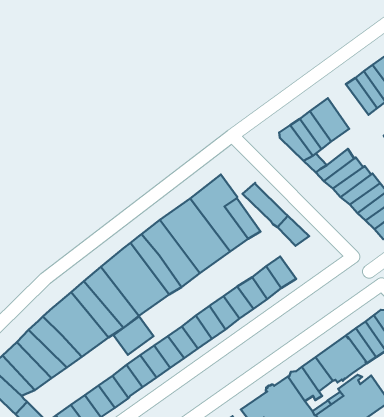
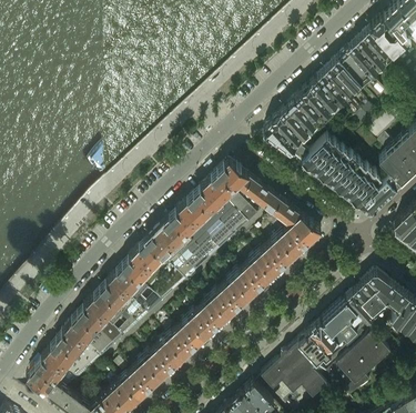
building: none -> [303,81,341,120]
building: none -> [217,164,248,192]
building: none -> [278,219,321,258]
building: [114,316,154,355] -> none

